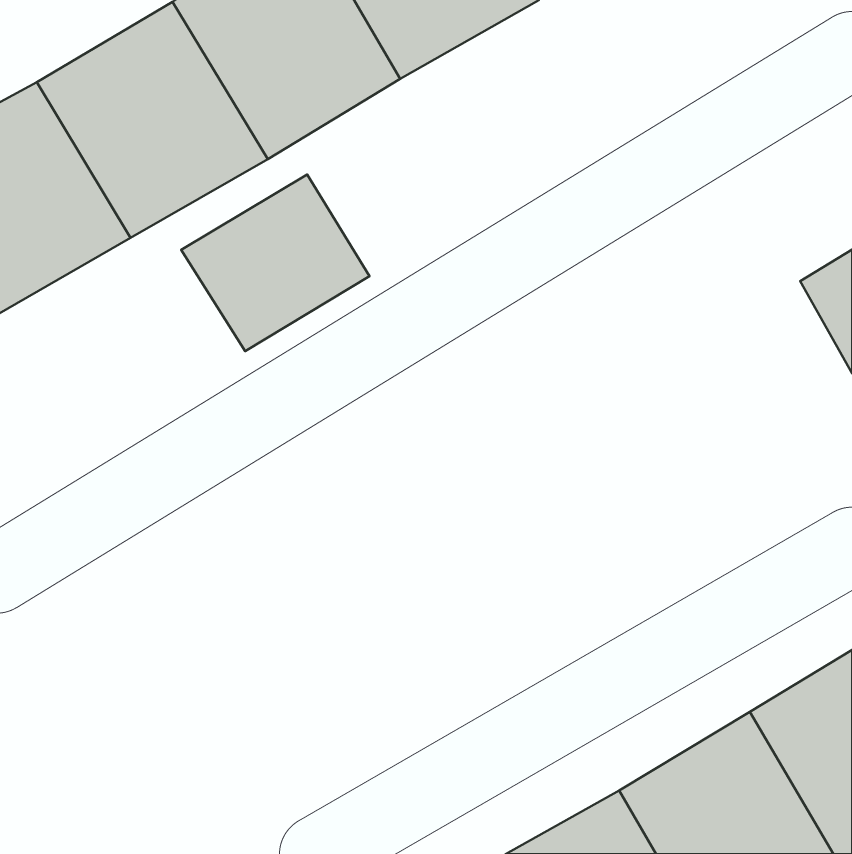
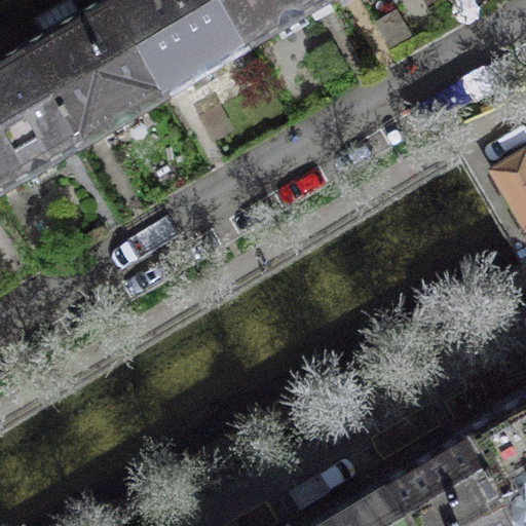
building: [181,175,369,351] -> none

